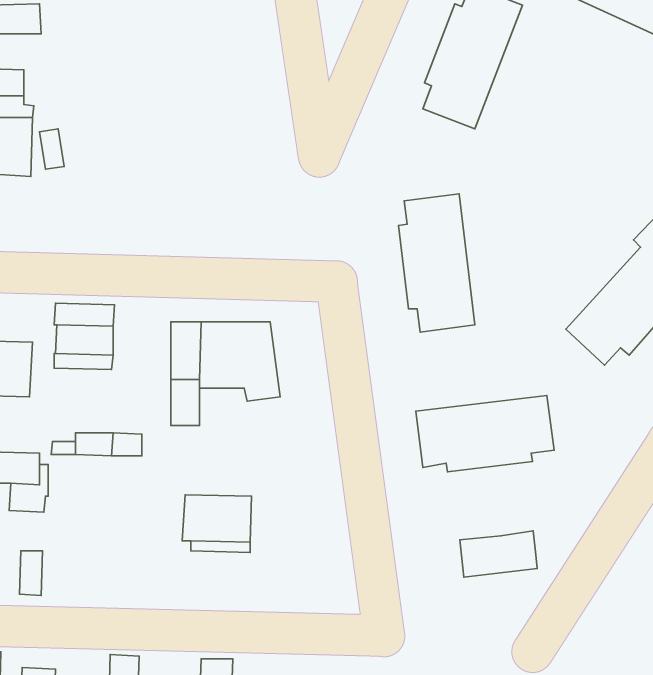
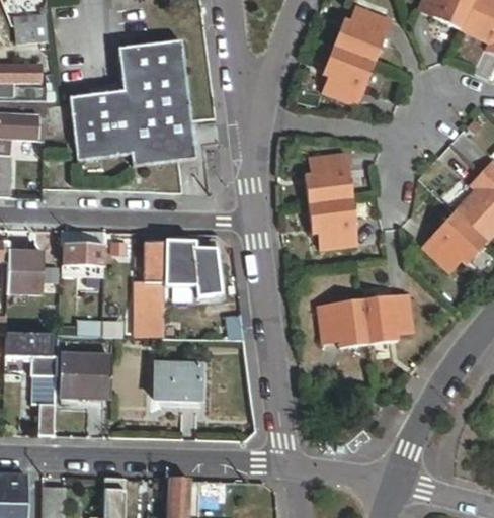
building: none -> [70,39,197,166]
building: none -> [135,281,164,336]
building: none -> [61,355,112,396]
building: [460,531,537,577] -> none

